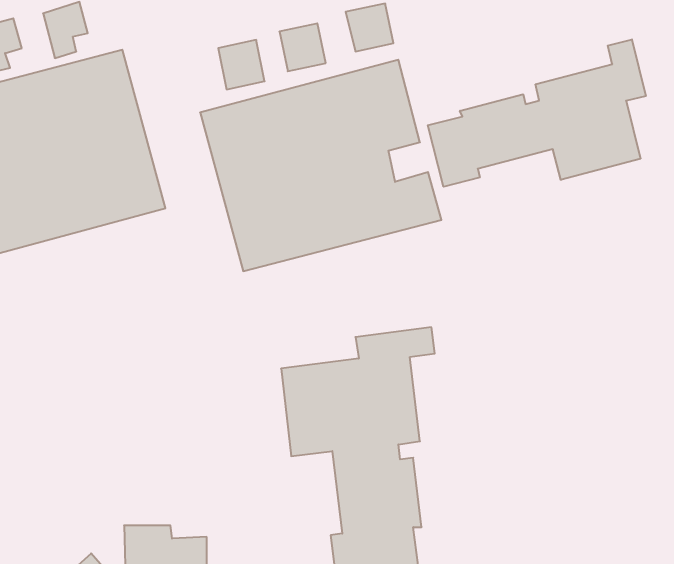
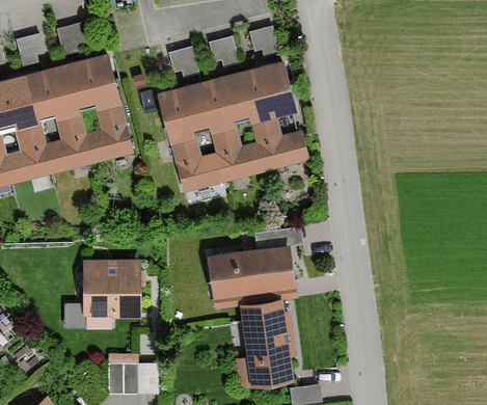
building: [428,39,646,187] -> none
building: none -> [81,261,140,327]

